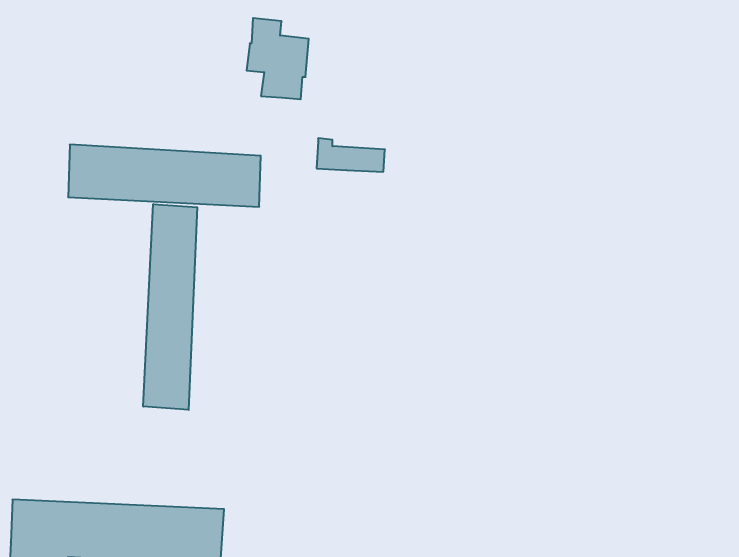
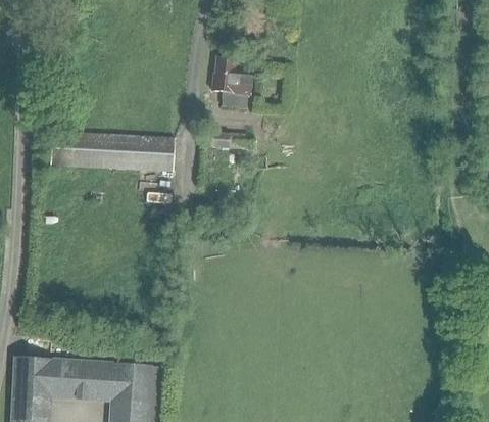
building: [247,18,309,99] -> [212,56,252,108]
building: [143,204,197,410] -> none

